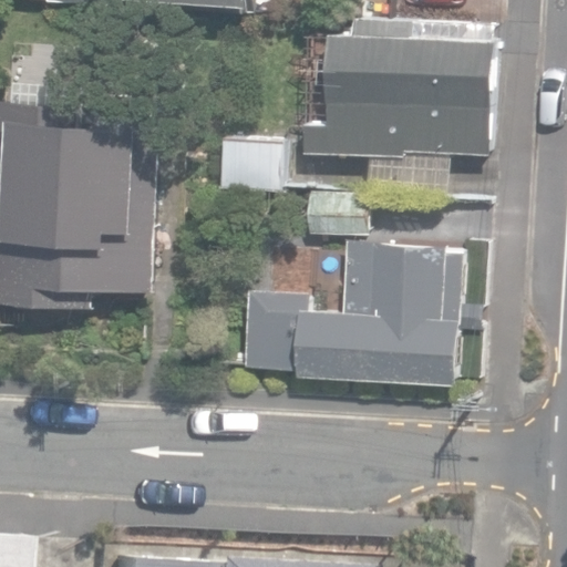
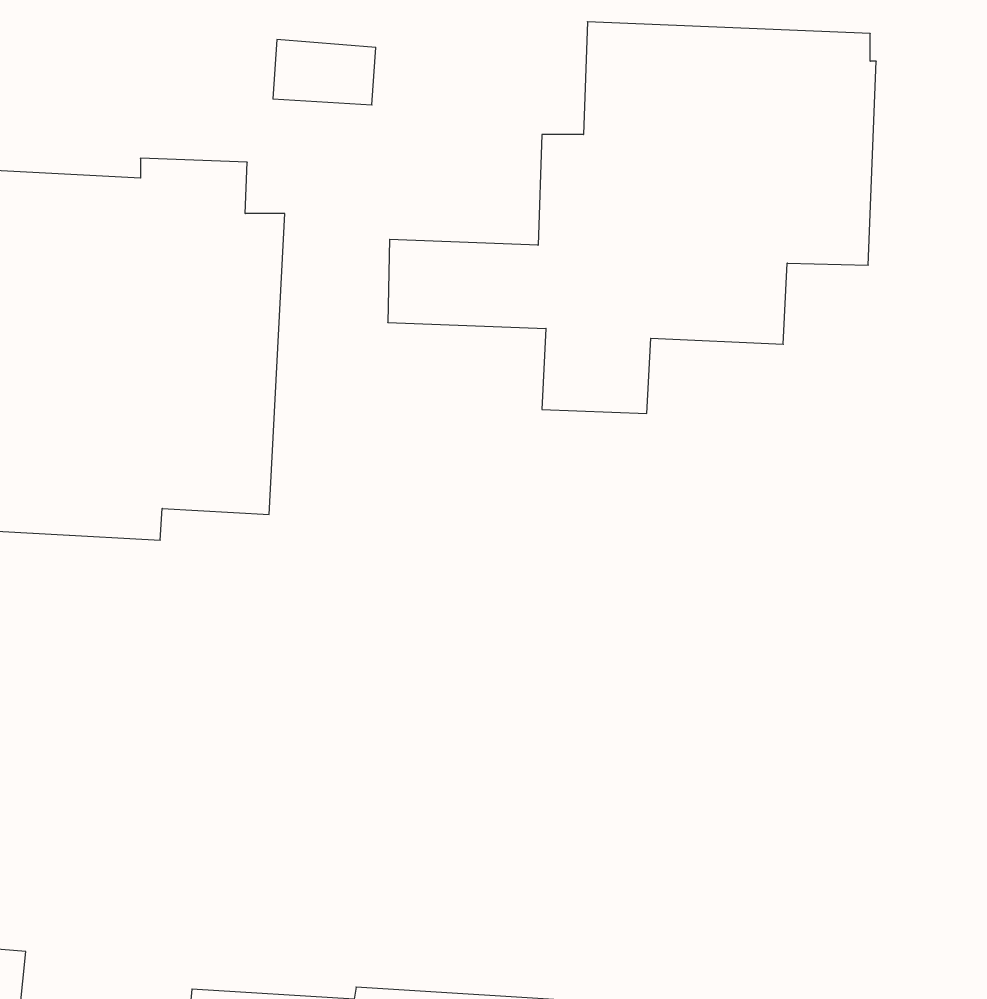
building: [243,243,480,385] -> none

